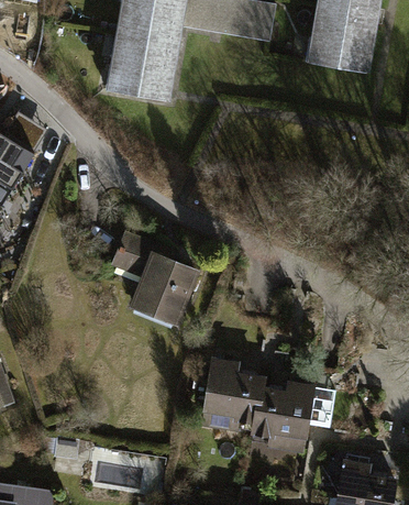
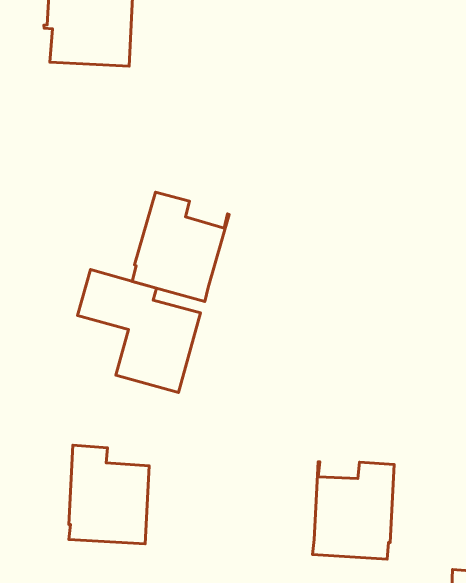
building: none -> [132,192,229,302]
building: [203,360,263,431] -> [69,445,149,544]

